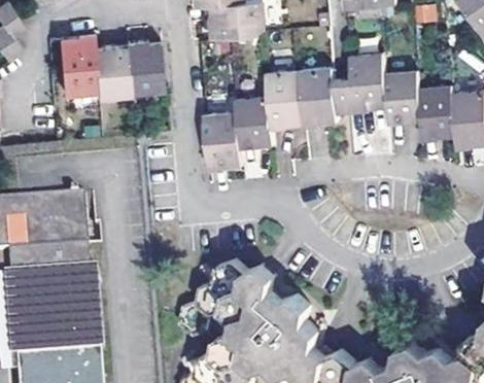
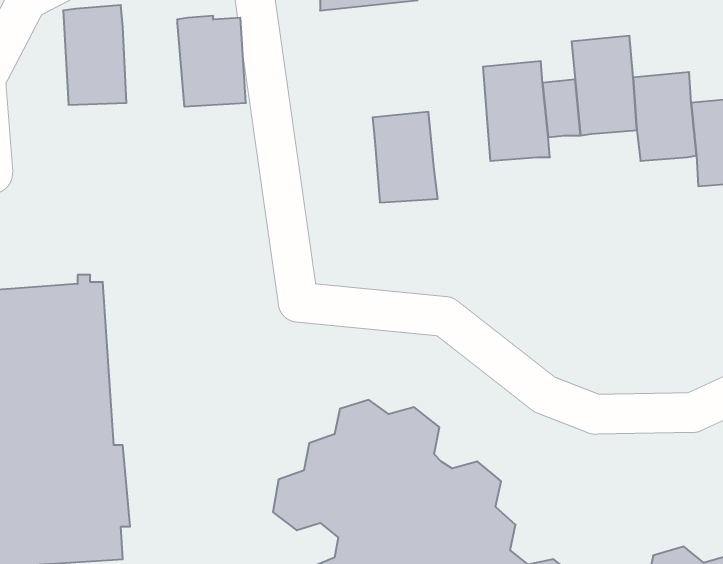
building: [94,46,129,96] -> none
building: [266,71,303,130] -> none
building: [203,111,241,169] -> none

